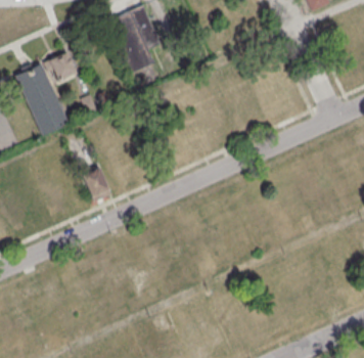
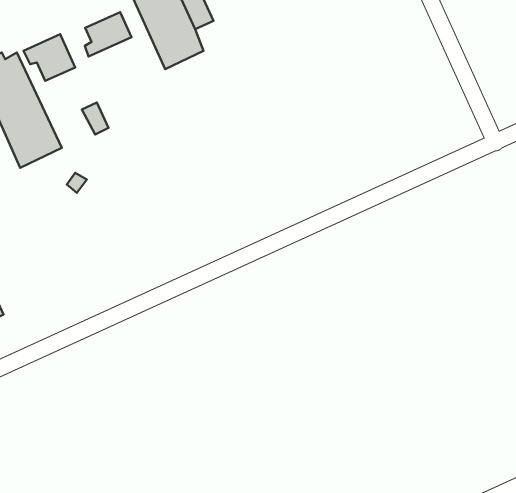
building: none -> [85,12,131,56]
building: [83,167,110,199] -> none

